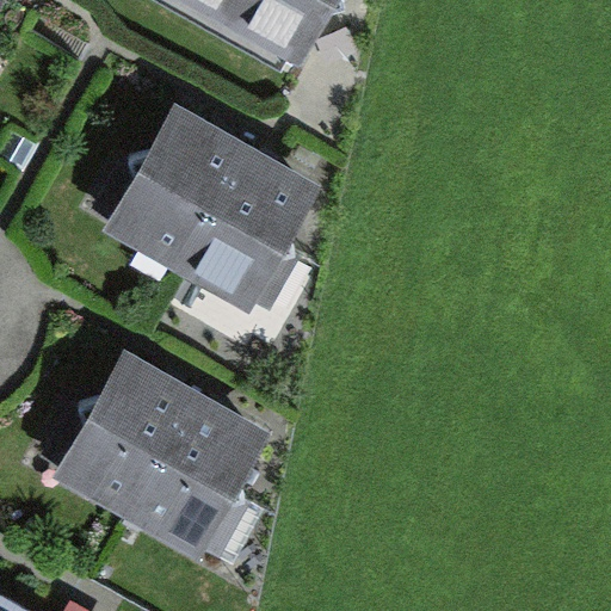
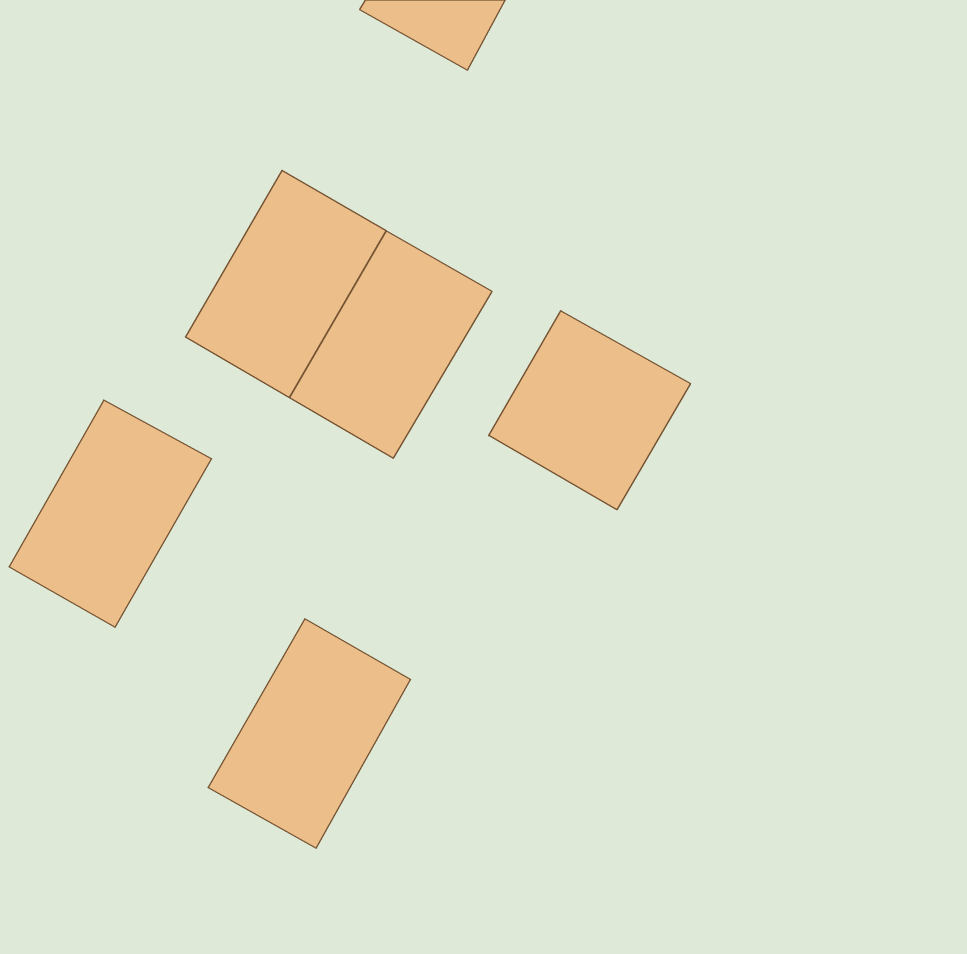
building: none -> [489,311,690,510]
building: [64,362,192,505] -> [9,400,212,627]

